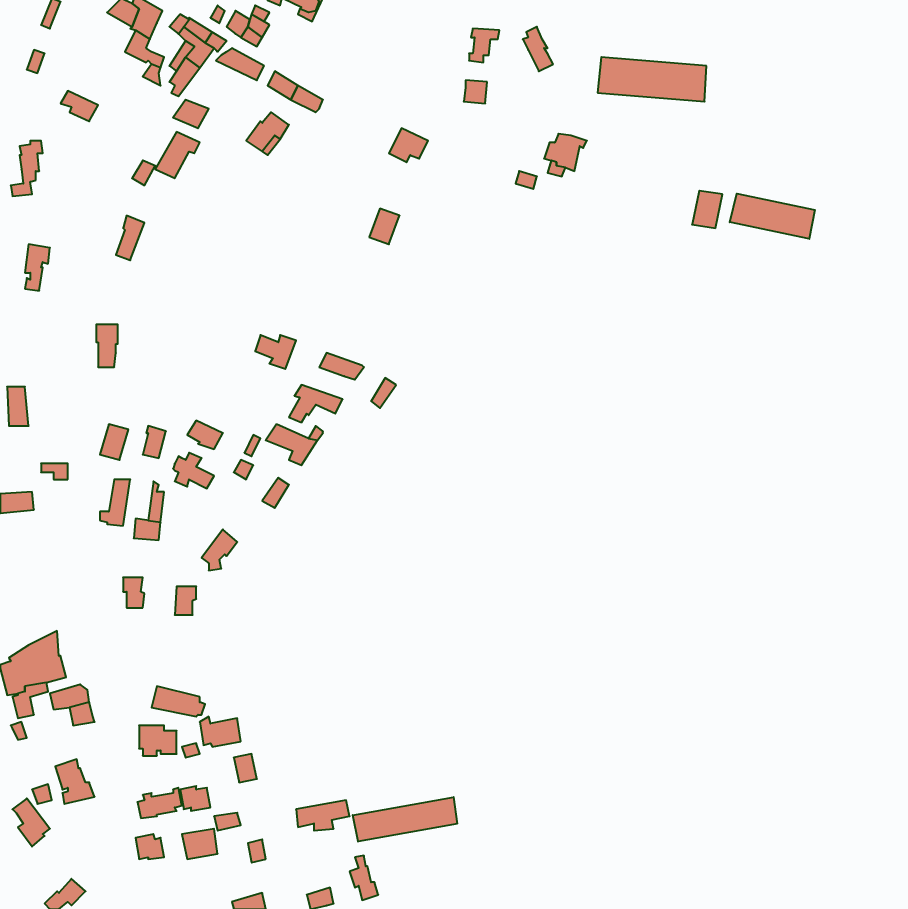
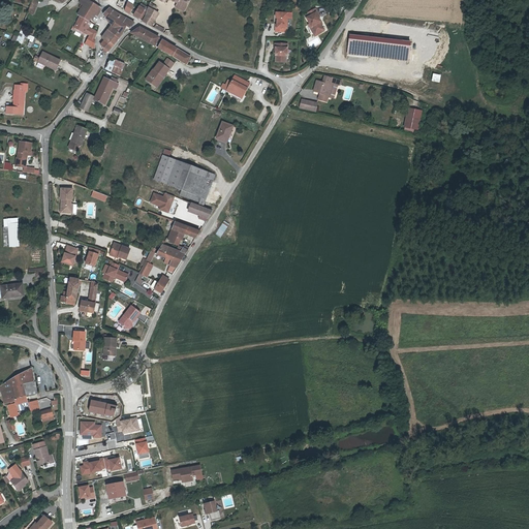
building: [730,194,815,239] -> none
building: none -> [153,156,214,205]
building: [353,797,457,842] -> none

